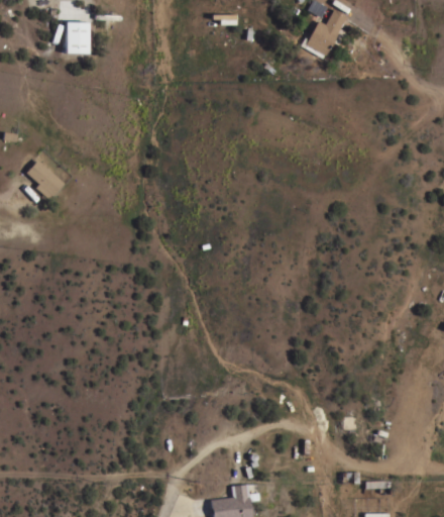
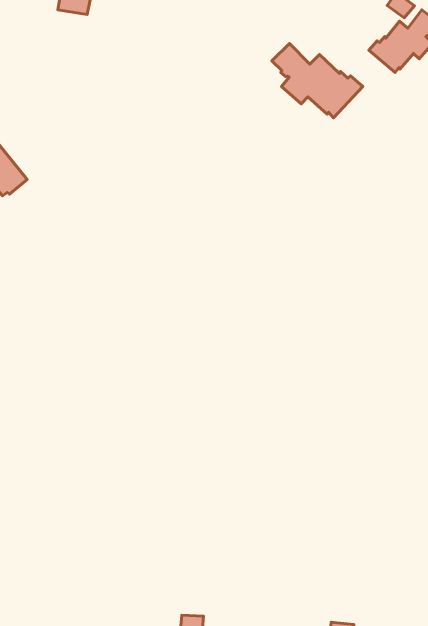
building: none -> [272,43,363,118]

